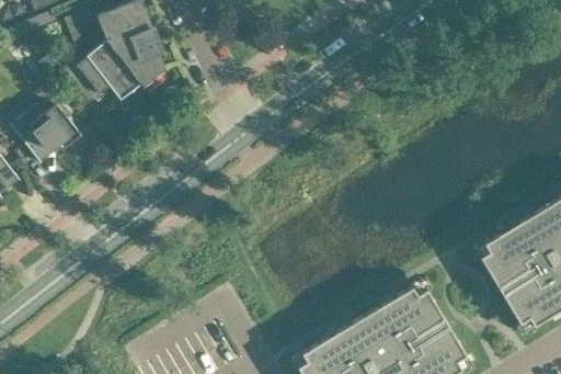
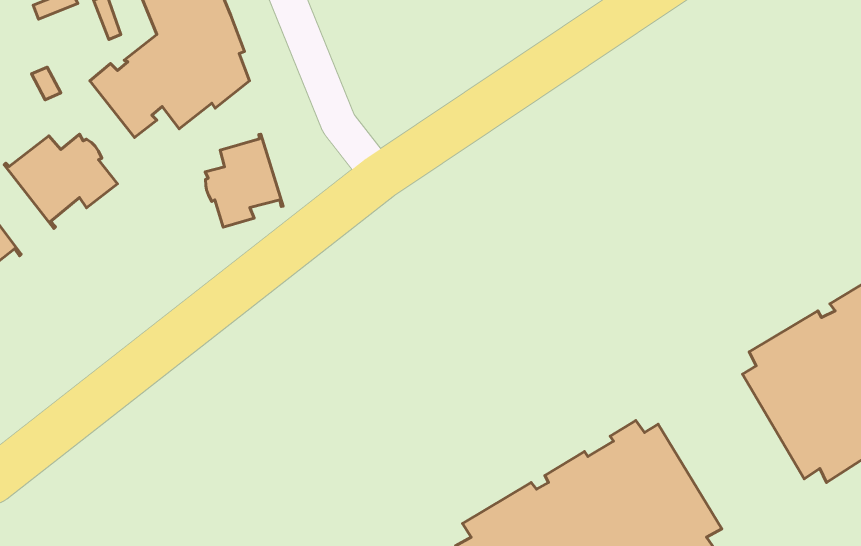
building: none -> [205,134,283,227]

